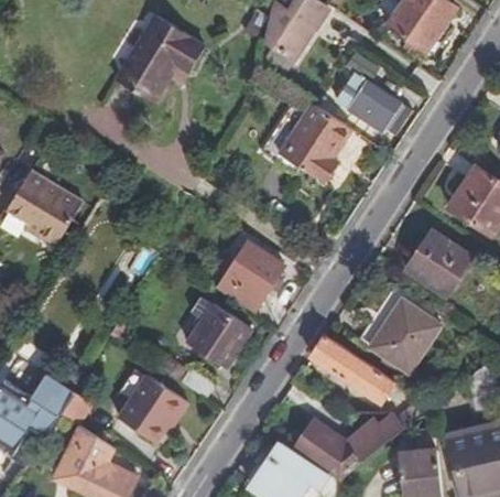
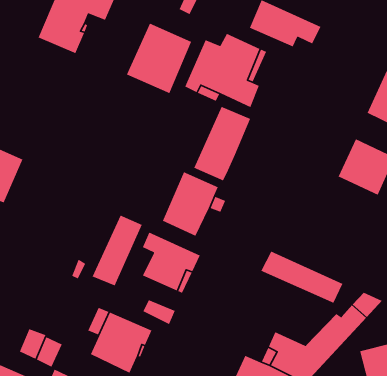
building: none -> [126,22,192,94]
building: none -> [193,106,251,182]
building: none -> [91,214,143,286]
building: [370,299,442,374] -> none

